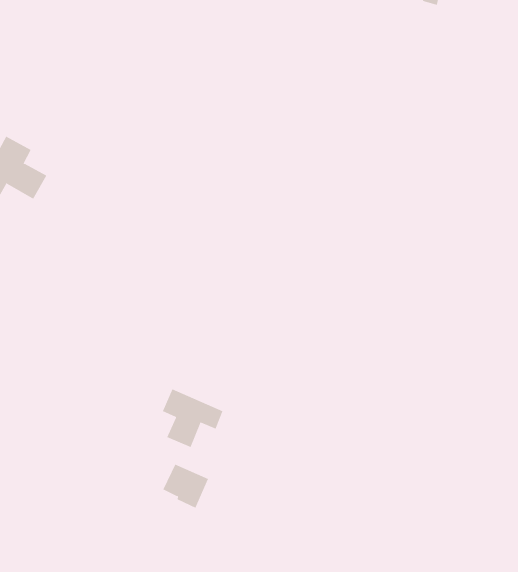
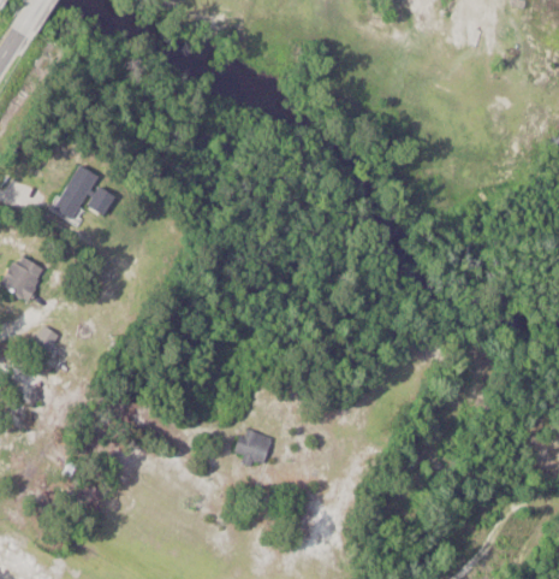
building: [162,389,223,448] -> none

